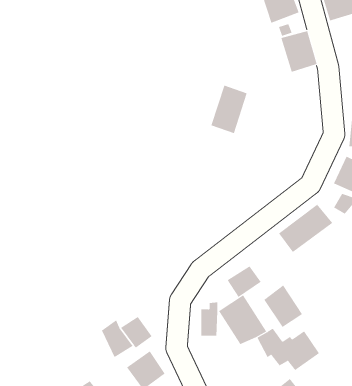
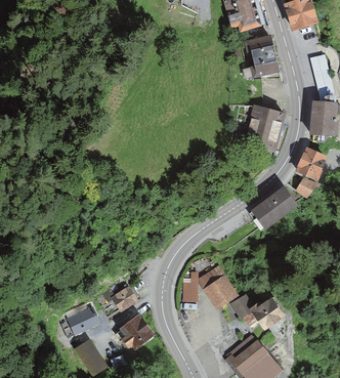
building: [211,85,248,134] -> [249,108,281,150]
building: [227,265,262,298] -> none
building: [263,284,303,328] -> none
building: none -> [63,304,95,333]

